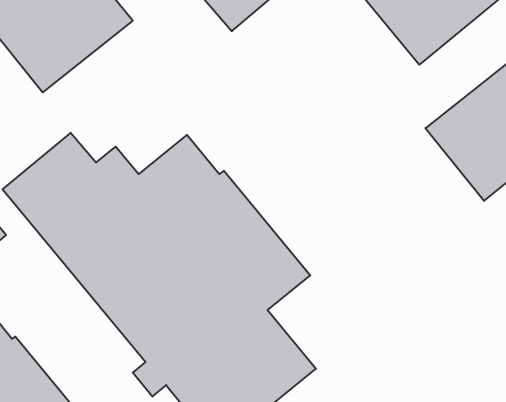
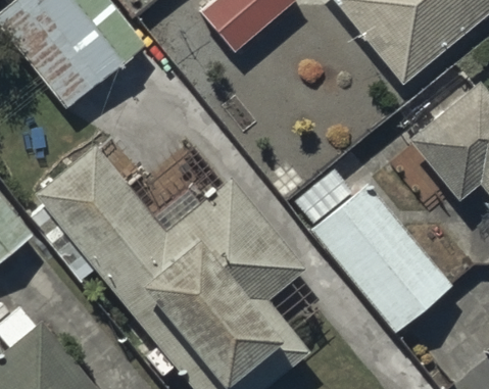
building: none -> [295,172,450,332]

